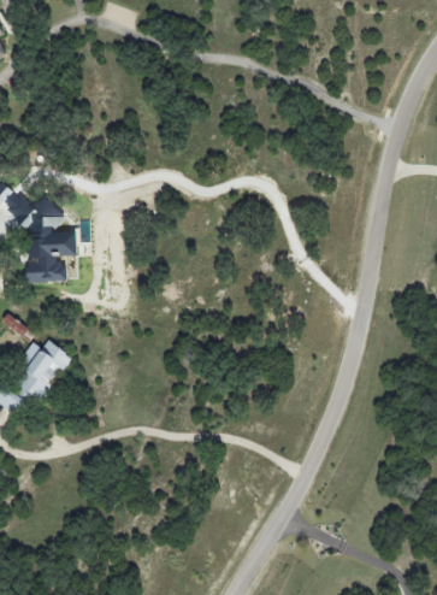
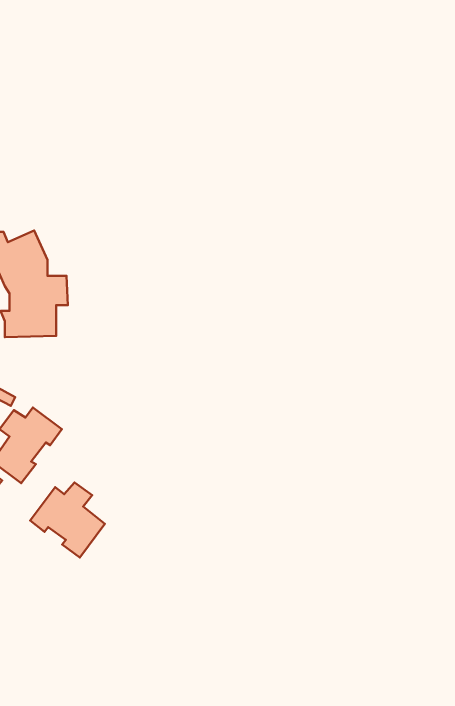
building: none -> [30,482,105,557]

